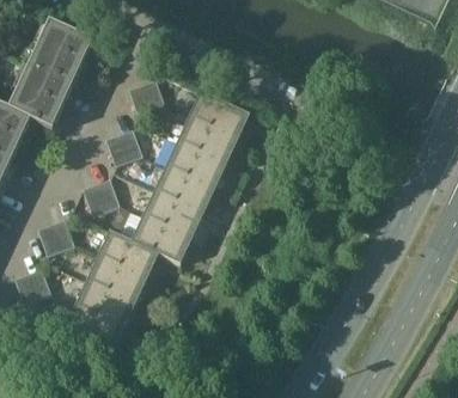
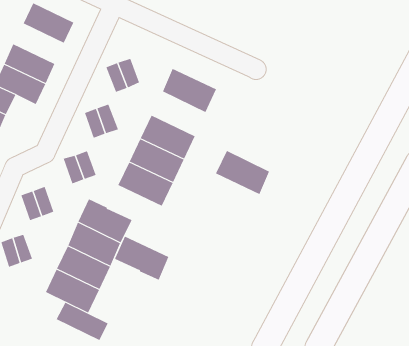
building: [29,41,84,84] -> none
building: [177,114,236,161] -> [215,150,270,195]
building: [130,214,189,262] -> [115,236,169,280]
building: none -> [56,302,109,341]

